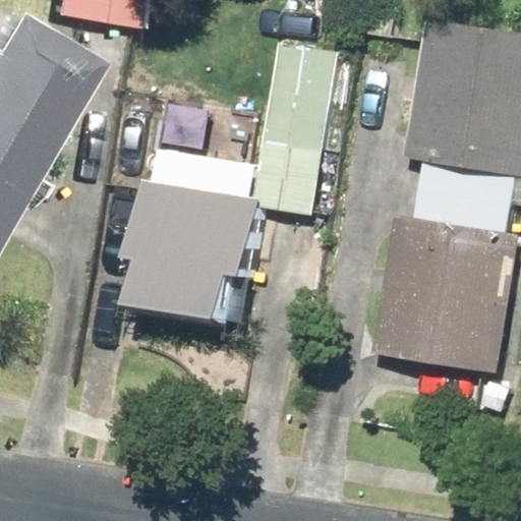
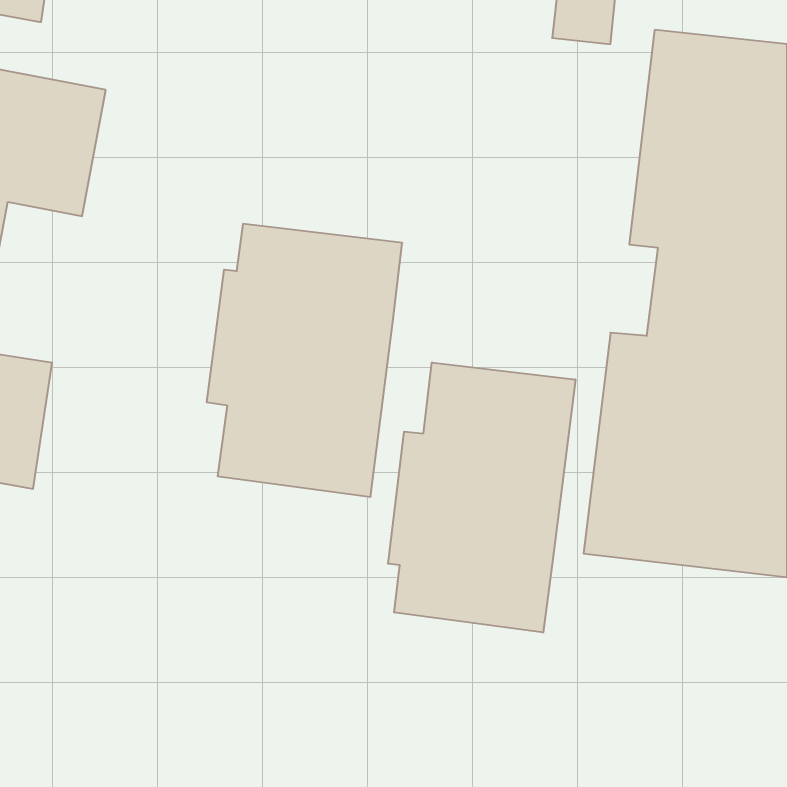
building: [253,35,343,216] -> none
building: none -> [388,362,575,633]

